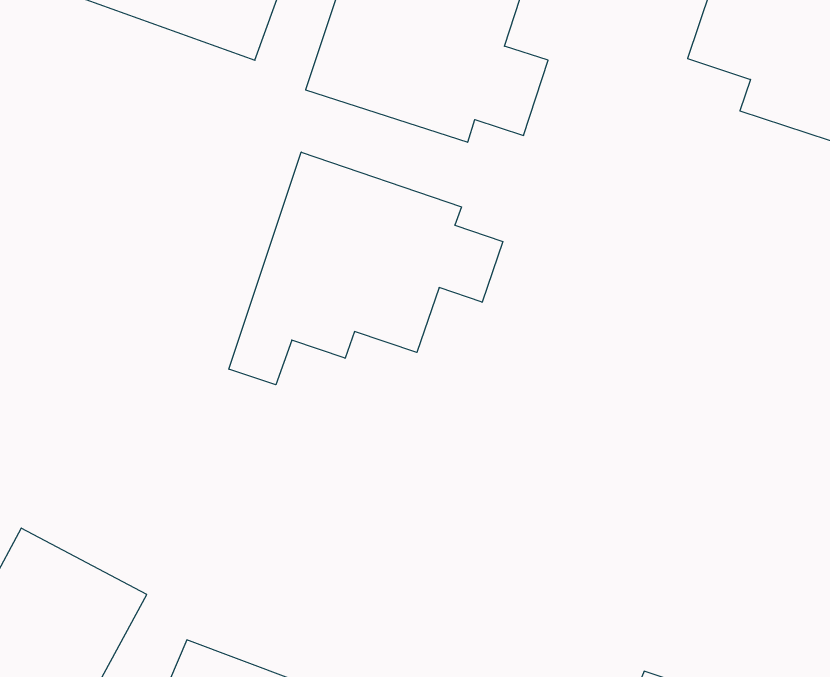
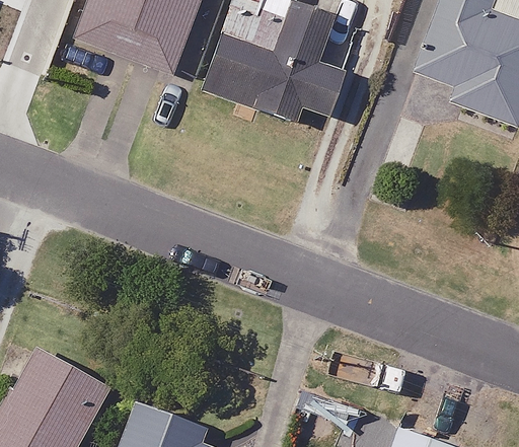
building: [229,152,503,385] -> none

